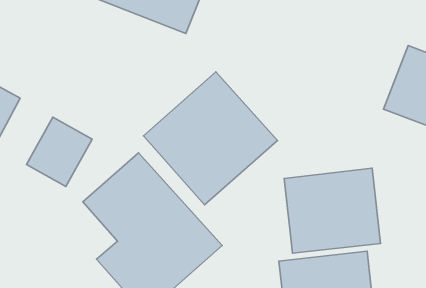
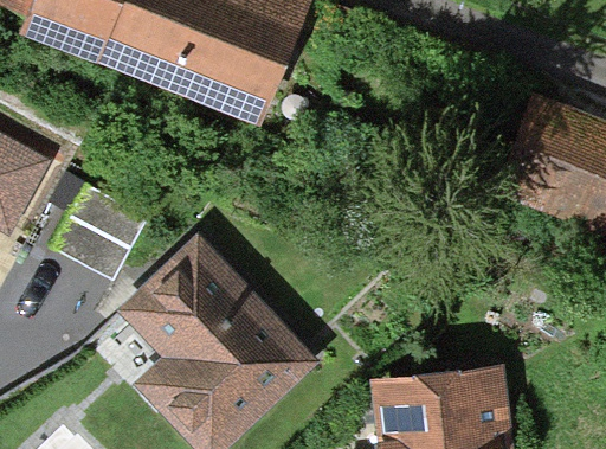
building: [143,72,277,205] -> none
building: [284,168,381,253] -> none

